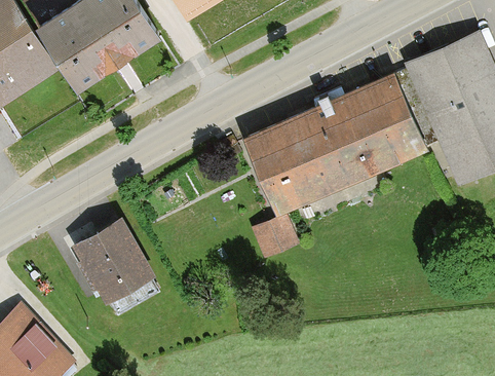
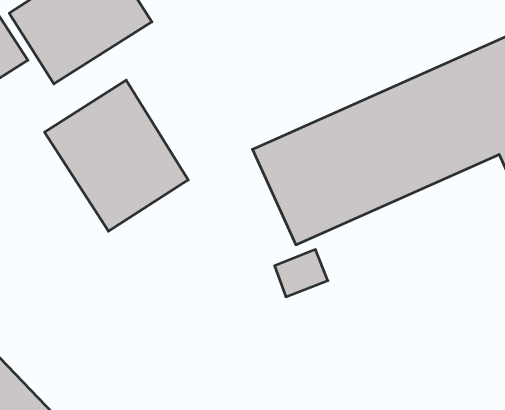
building: none -> [45,80,188,231]
building: [76,222,163,321] -> none

